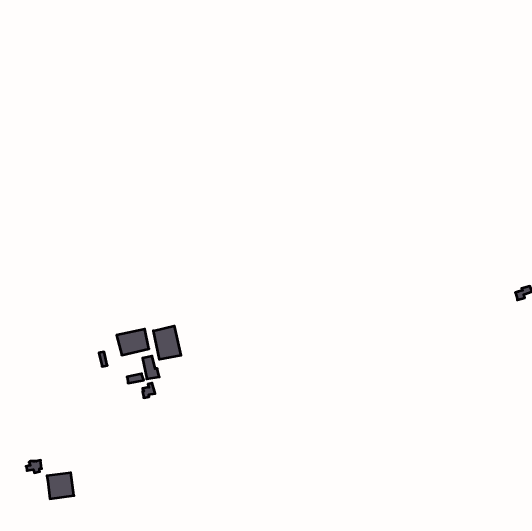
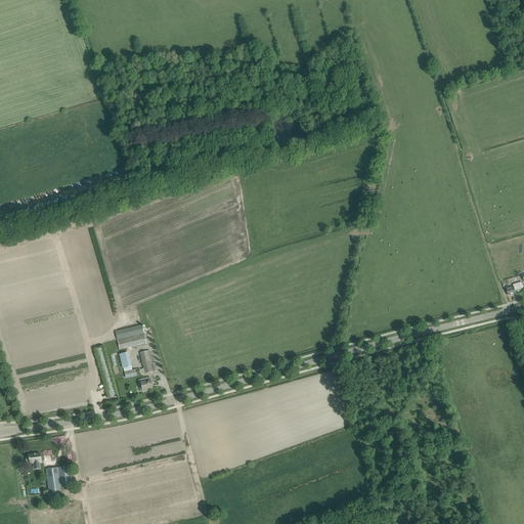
building: [153,326,181,359] -> none

